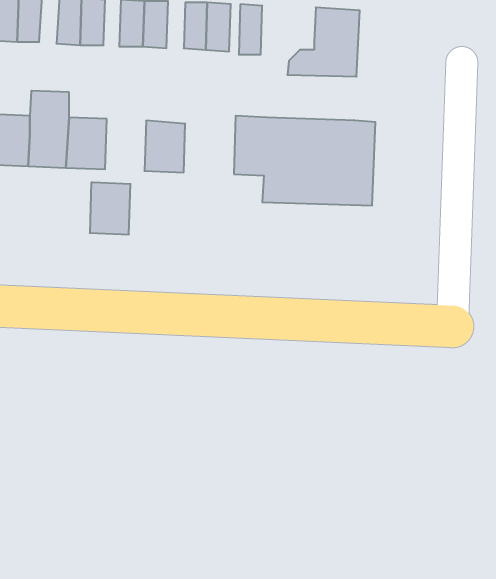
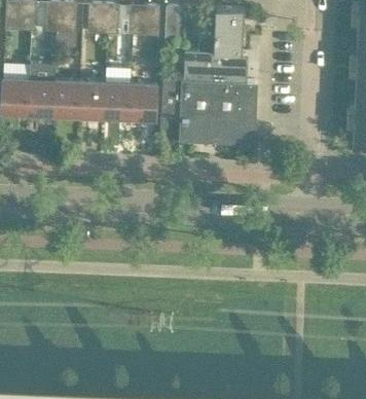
building: none -> [185,53,244,84]
building: none -> [131,86,158,119]
building: [90,183,131,234] -> [79,83,106,117]

